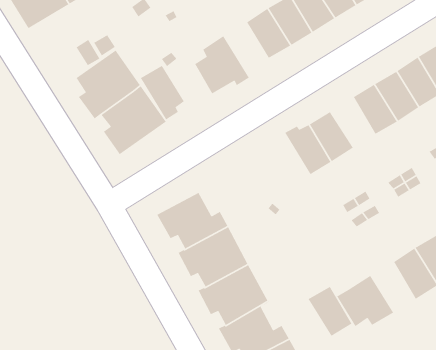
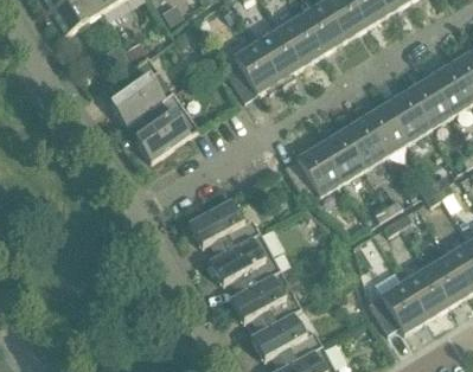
building: [140,65,185,120] -> [255,28,300,84]
building: none -> [362,103,407,154]
building: none -> [283,139,341,195]
building: [308,286,353,337] -> [402,268,447,319]

